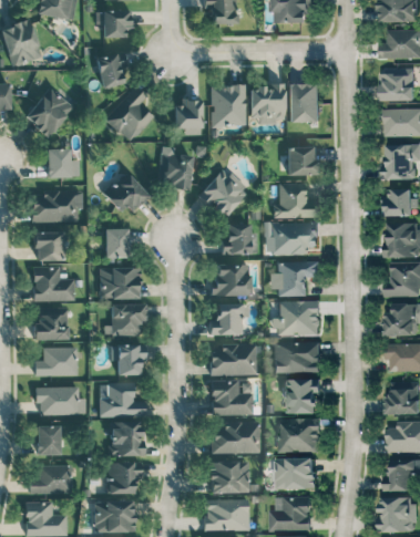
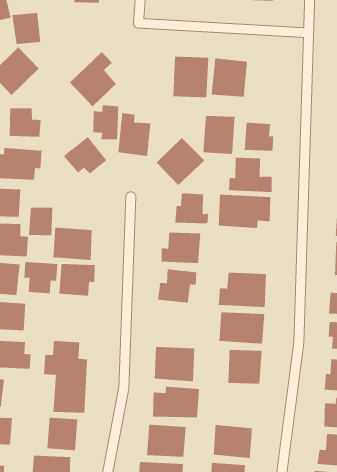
building: [95,53,127,87] -> [11,12,41,45]
building: [289,83,320,122] -> [203,116,236,154]
building: [174,100,202,135] -> [92,105,119,140]
building: [104,228,129,258] -> [28,207,53,236]
building: [274,261,320,297] -> none
building: [209,343,256,375] -> none
building: [111,344,145,375] -> [23,262,58,294]
building: [279,417,321,453] -> none

